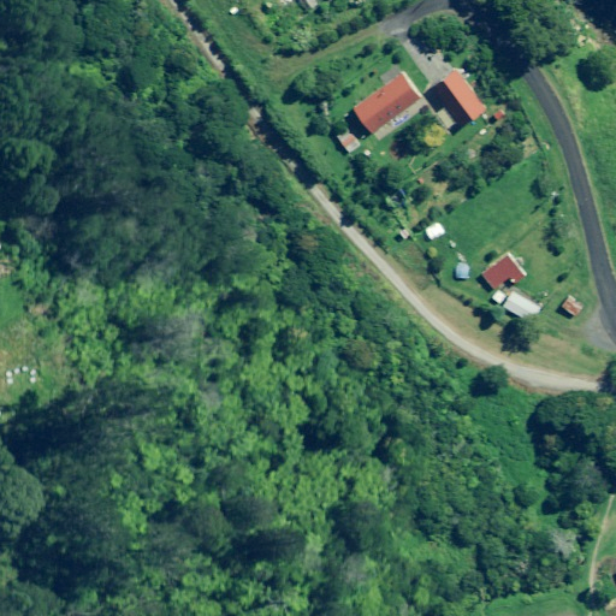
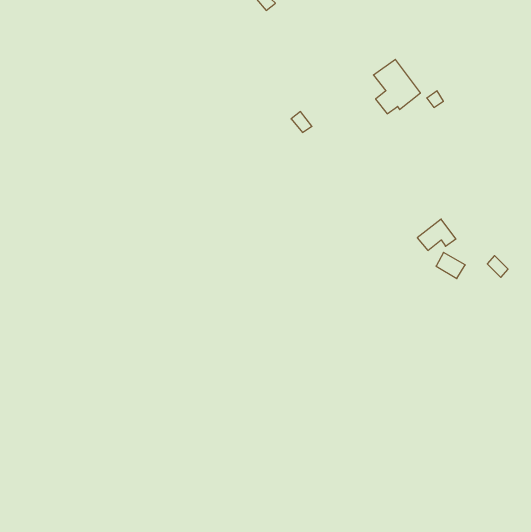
building: [353,72,422,134] -> none

